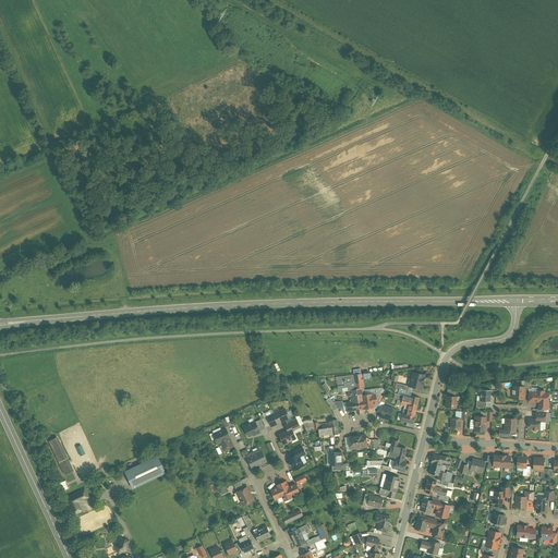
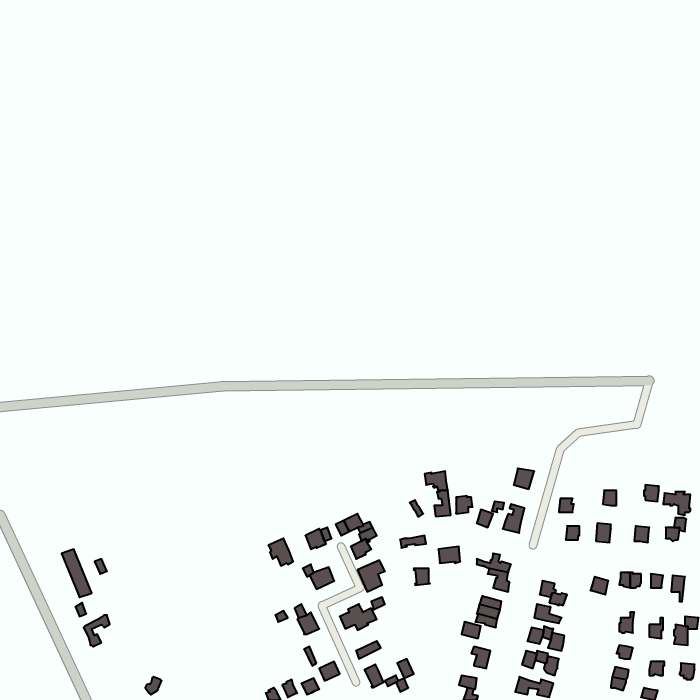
building: [125,457,163,487] -> none

